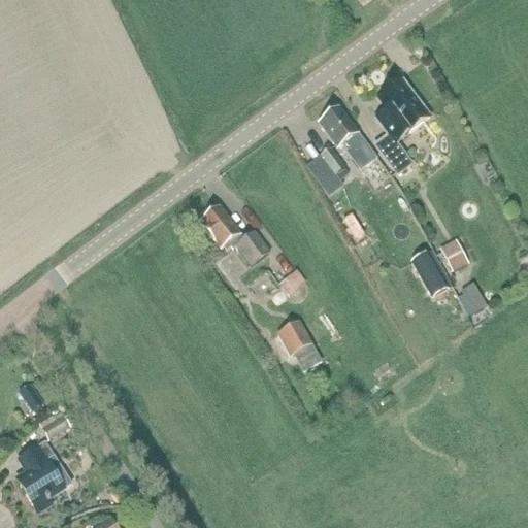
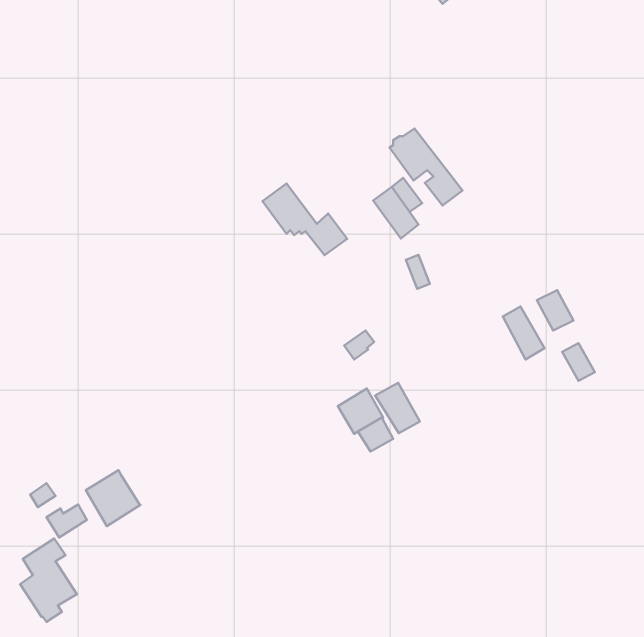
building: [375,77,430,171] -> none
building: [200,205,269,264] -> [263,183,347,255]
building: none -> [375,383,420,433]
building: none -> [86,470,140,526]

